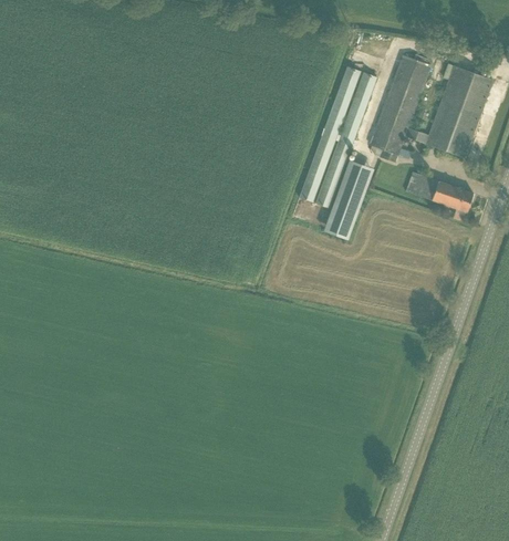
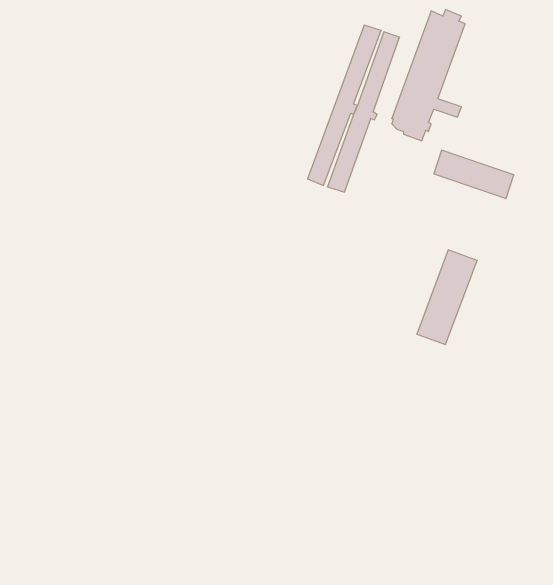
building: [425,65,492,158] -> none
building: [323,159,374,239] -> [417,250,477,345]

